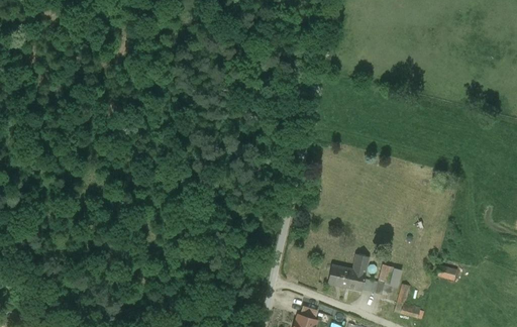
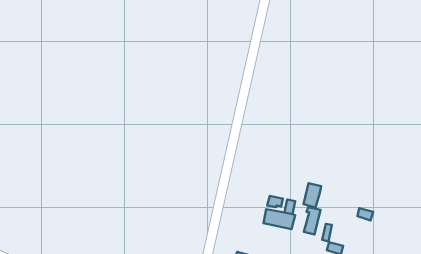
building: none -> [303,183,321,208]

